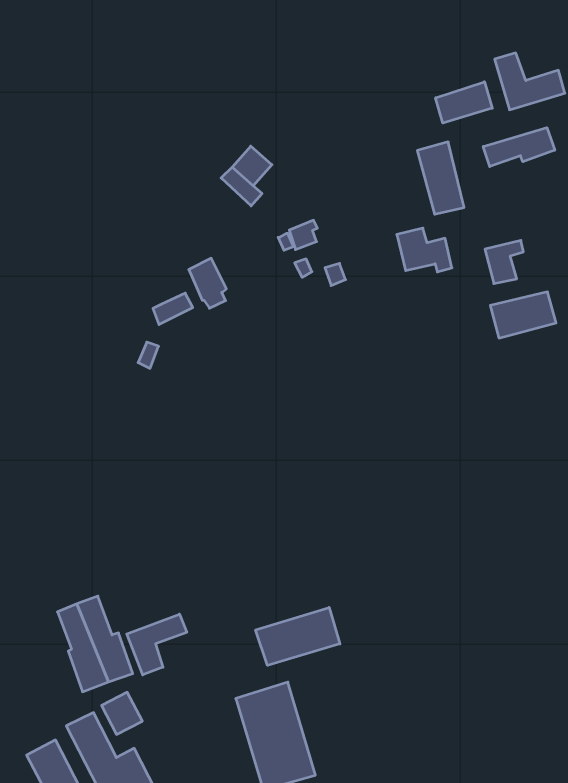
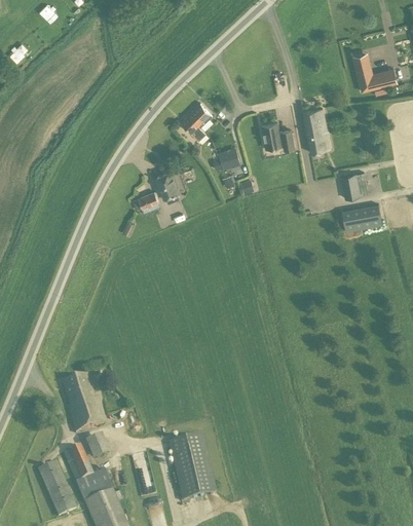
building: [436,82,492,123] -> none
building: [483,128,555,167] -> none
building: [397,228,452,272] -> [261,122,294,150]
building: [256,607,340,665] -> none
building: [127,614,187,675] -> none

